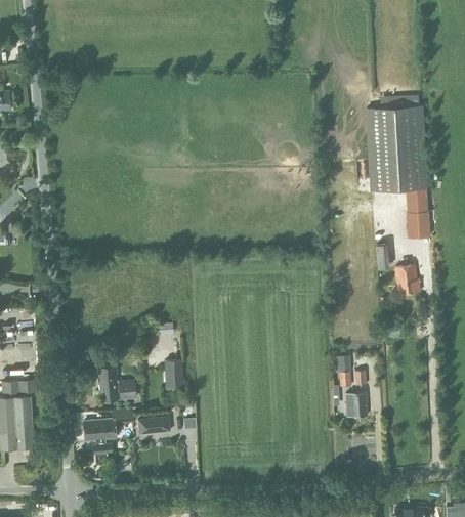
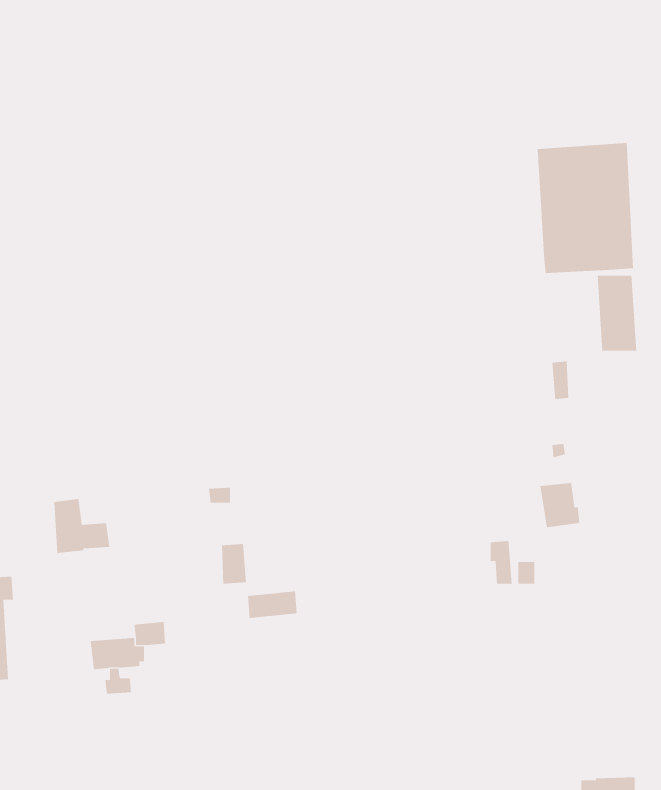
building: [394,266,420,295] -> [540,483,580,528]
building: [98,367,134,401] -> [53,499,110,554]
building: [345,393,367,418] -> none
building: [138,417,170,434] -> [247,591,297,618]

